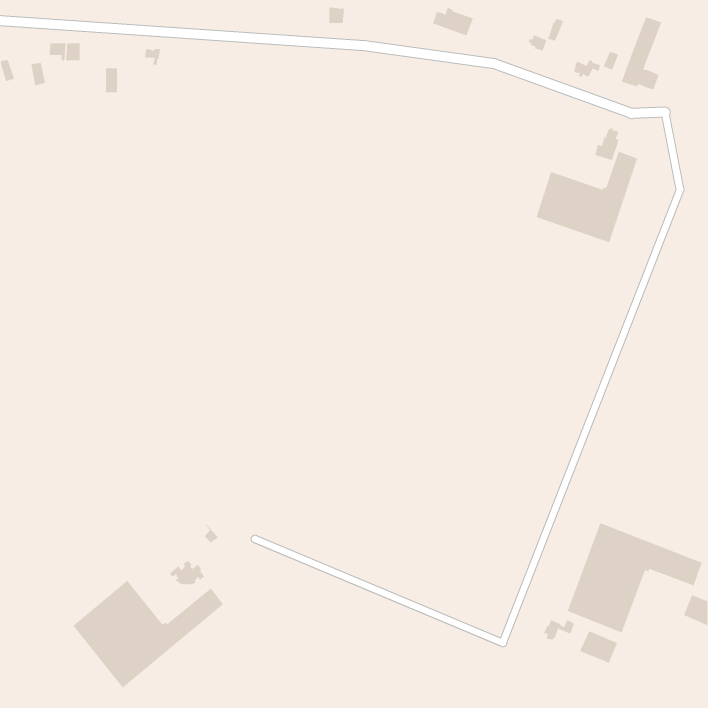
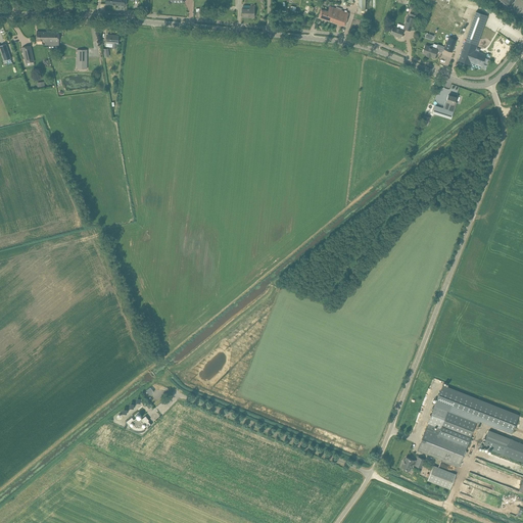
building: [536,151,638,243] -> none
building: [73,580,224,689] -> none
building: none -> [482,430,510,455]

